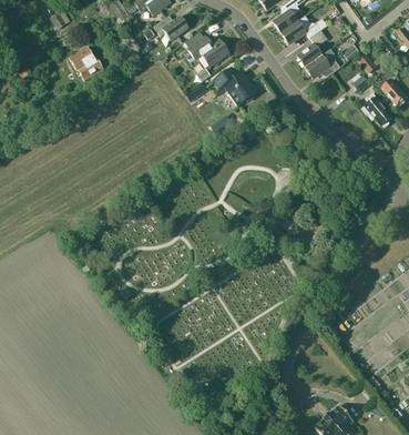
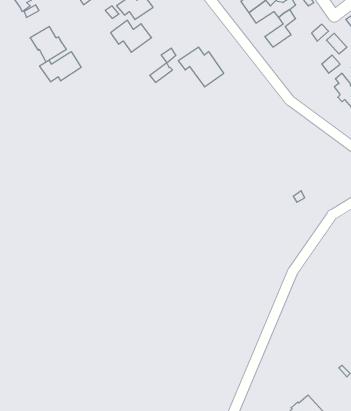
building: [190,36,229,67] -> [111,20,152,52]
building: [305,49,340,78] -> none
building: none -> [40,52,81,82]

